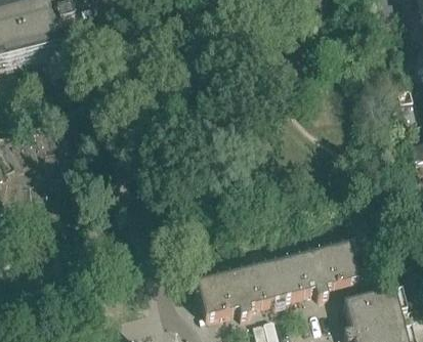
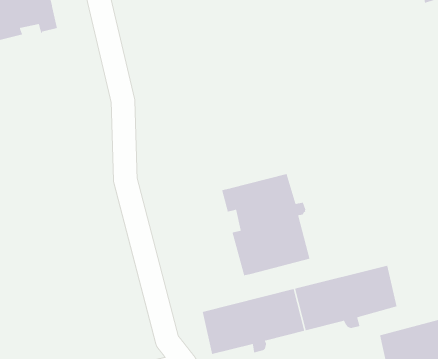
building: none -> [221,173,310,276]

